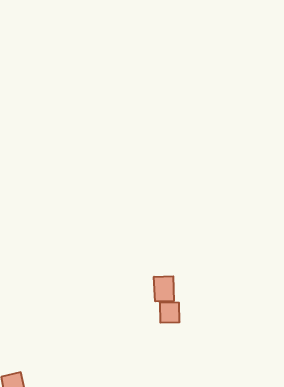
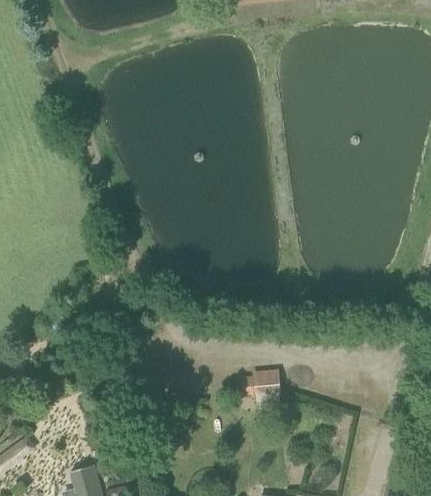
building: [154,276,174,301] -> none

